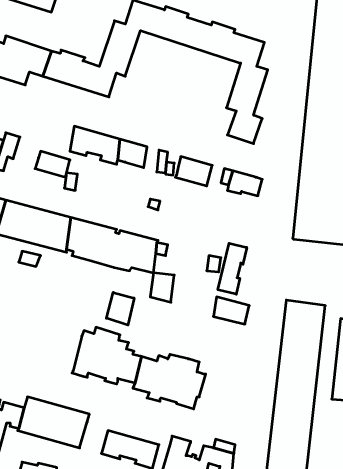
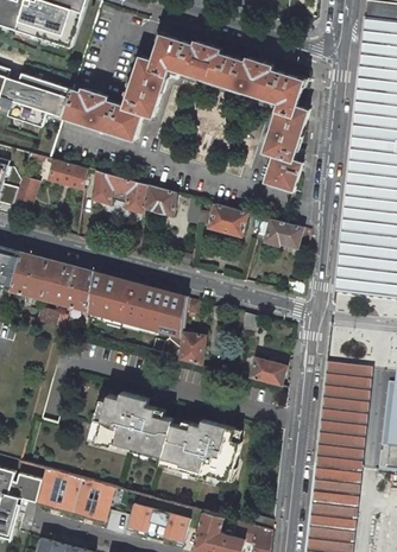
building: [35,151,70,177] -> [49,159,87,188]
building: [218,243,247,294] -> none
building: [106,292,134,325] -> none

